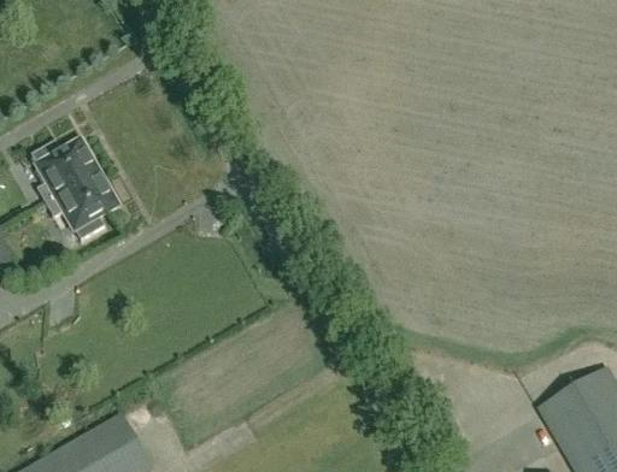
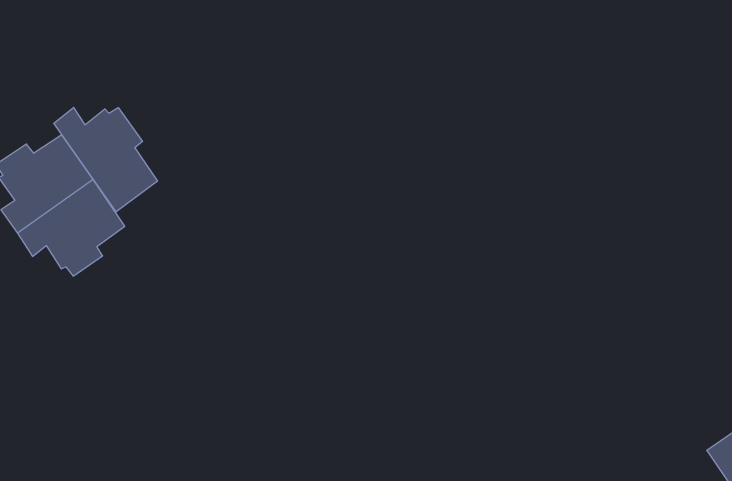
building: none -> [54,107,158,212]

